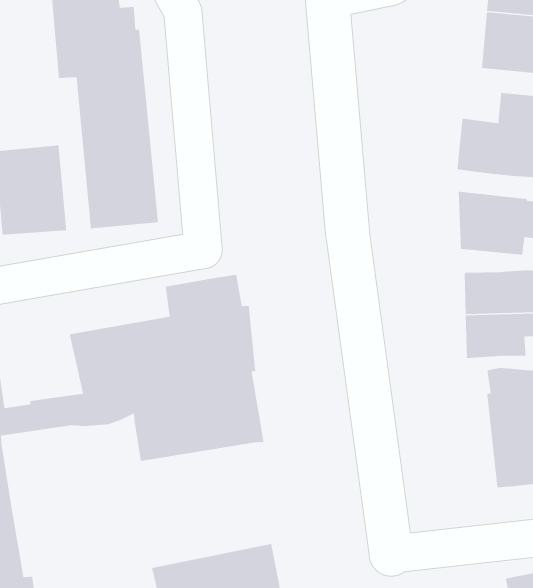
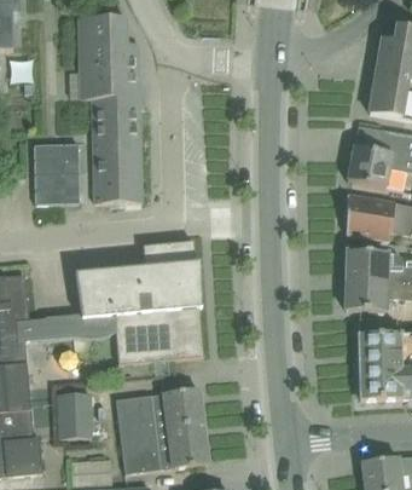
building: none -> [116,388,204,437]
building: none -> [58,393,92,438]

